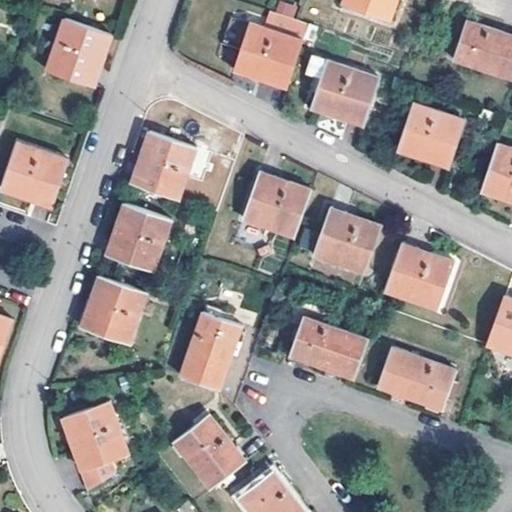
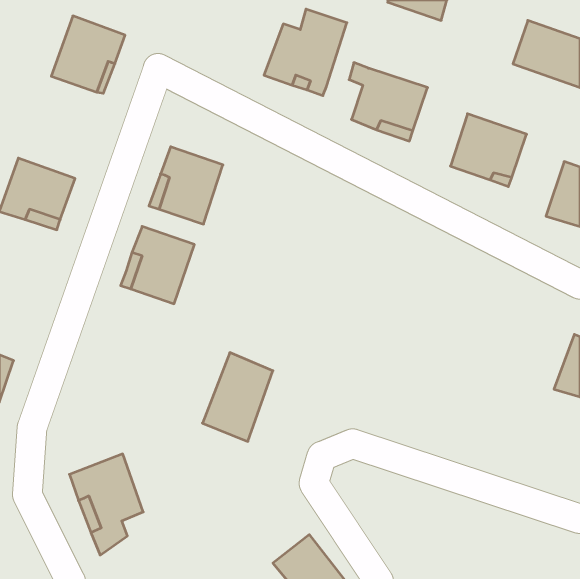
building: [242,172,310,237] -> none
building: [311,209,381,276] -> none
building: [385,244,453,309] -> none
building: [80,275,147,343] -> none
building: [290,317,368,377] -> none
building: [377,348,454,408] -> none
building: [174,414,245,488] -> none

